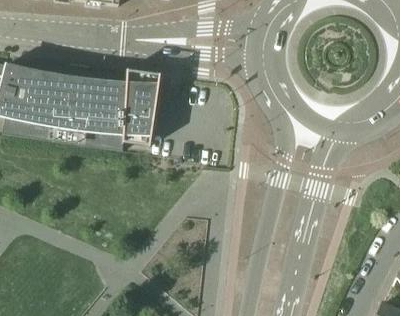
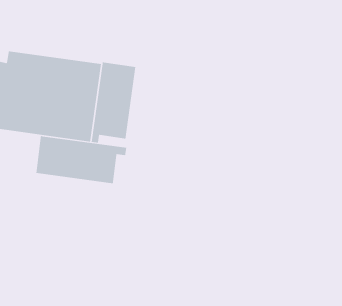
building: none -> [36,135,127,184]

